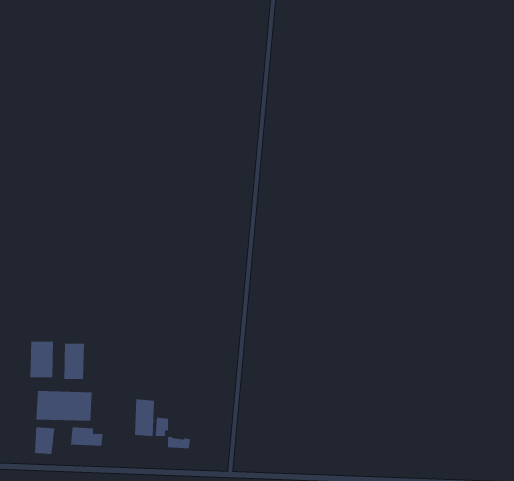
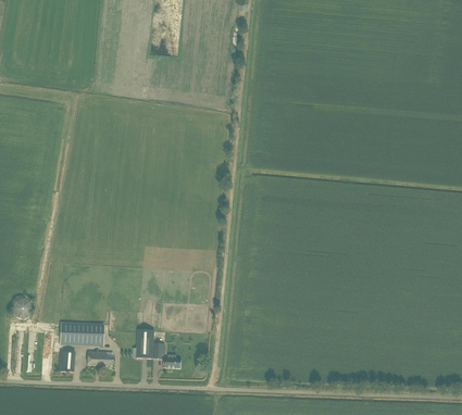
building: [30,341,54,378] -> none
building: [64,343,84,380] -> none

